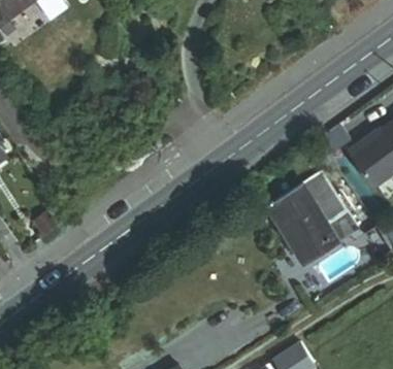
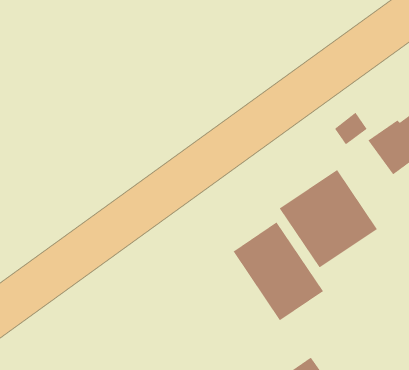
building: none -> [233,221,324,321]

